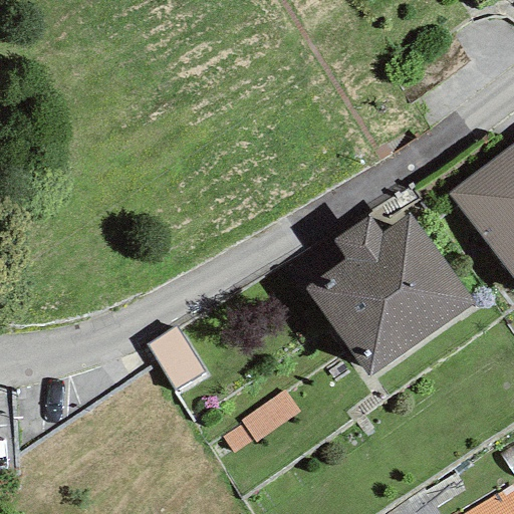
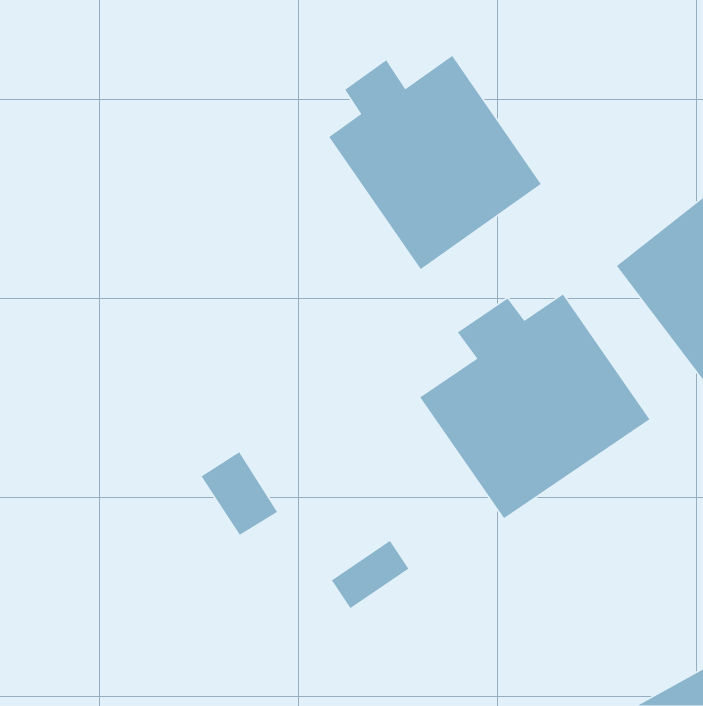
building: none -> [328,55,542,270]

